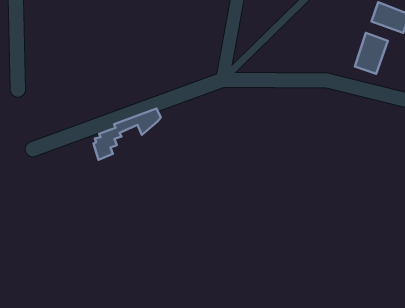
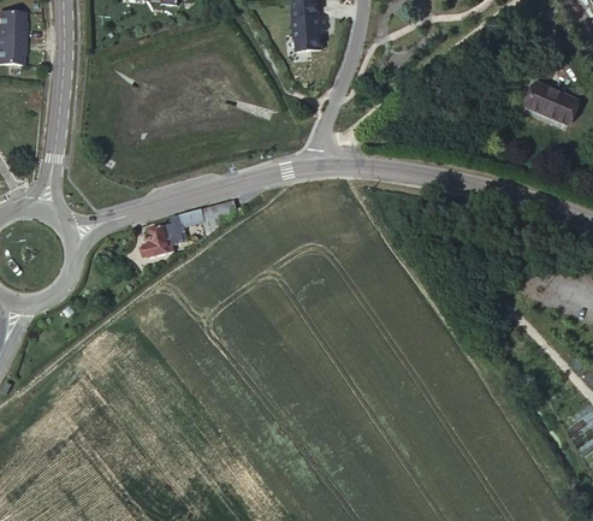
building: [355,33,388,74] -> none

